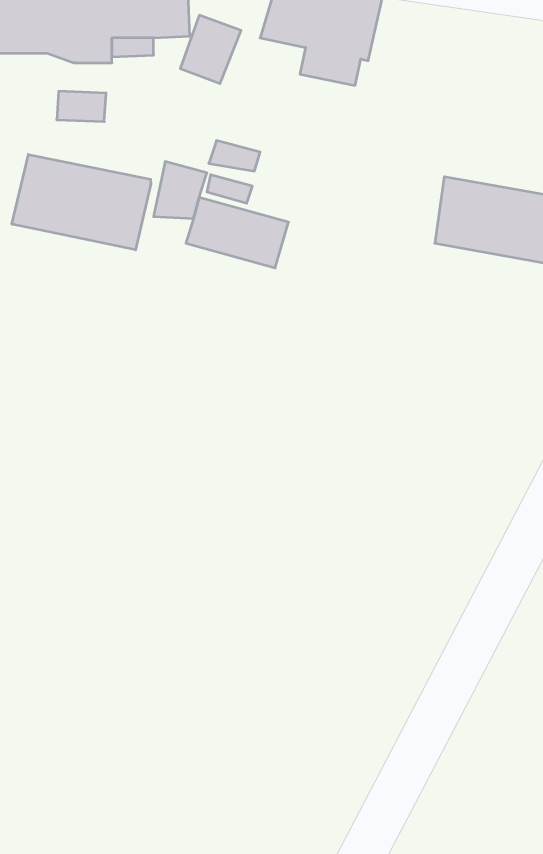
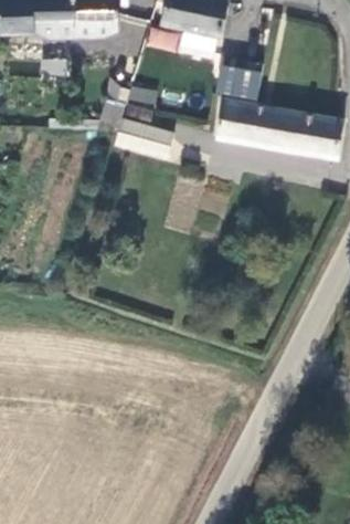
building: none -> [218,59,264,98]
building: [12,154,151,250] -> none
building: none -> [216,102,266,147]

